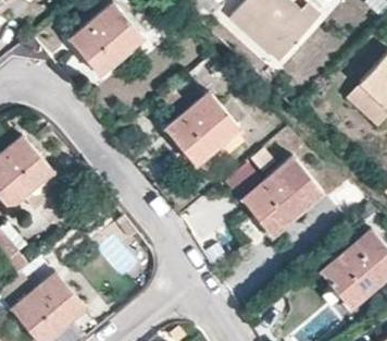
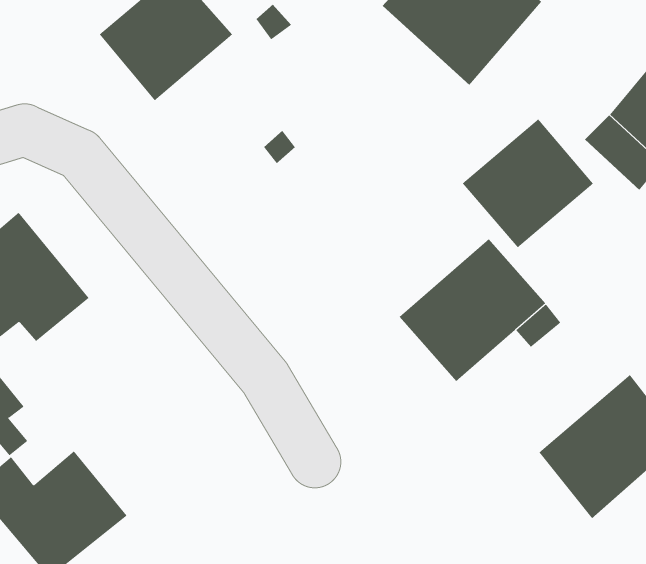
building: [166,87,241,161] -> [462,118,594,248]

